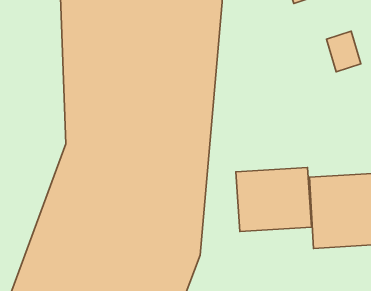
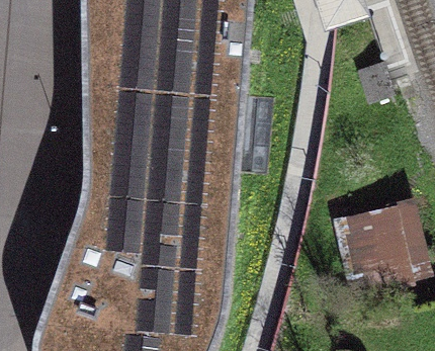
building: [236,167,312,231] -> none

